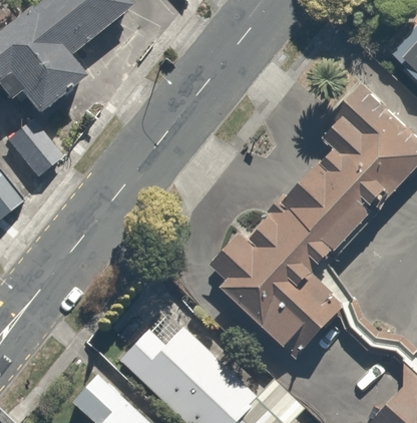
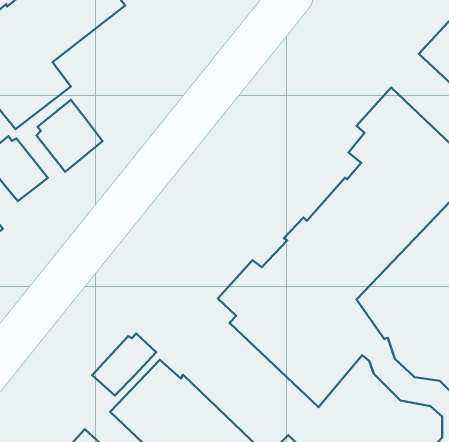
building: none -> [36,100,102,172]
building: none -> [92,334,156,396]

